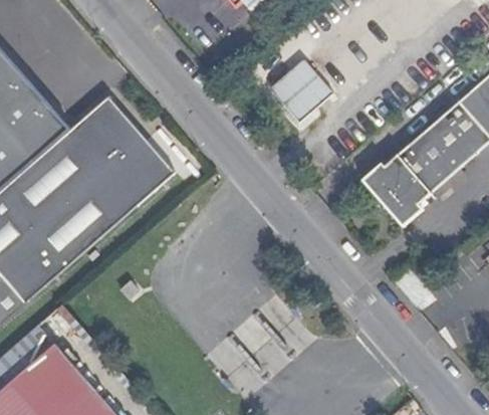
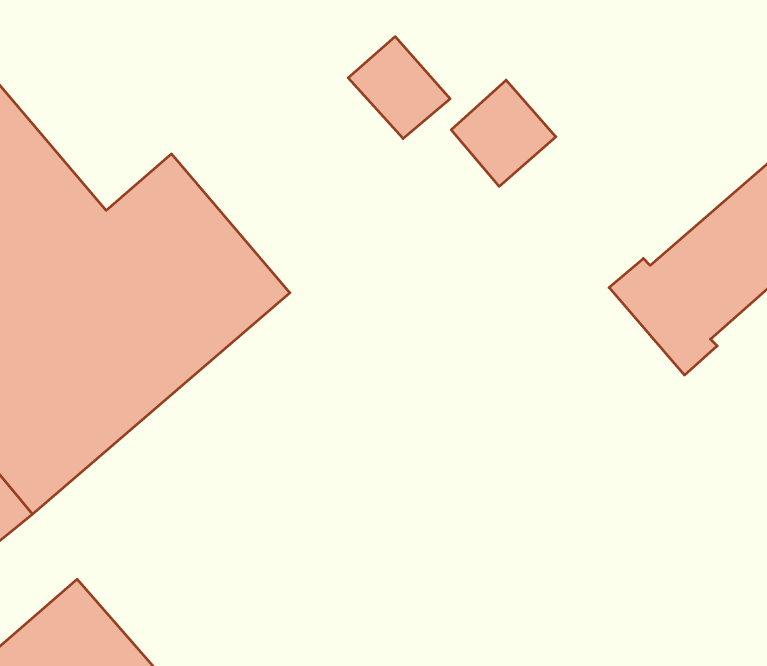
building: none -> [348,37,450,139]

